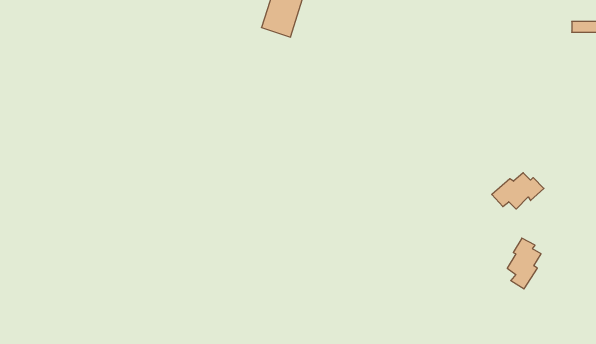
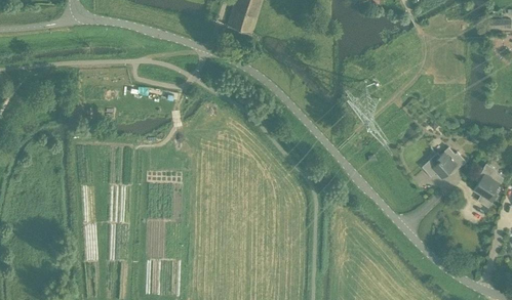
building: [507,238,541,289] -> [474,163,503,206]

